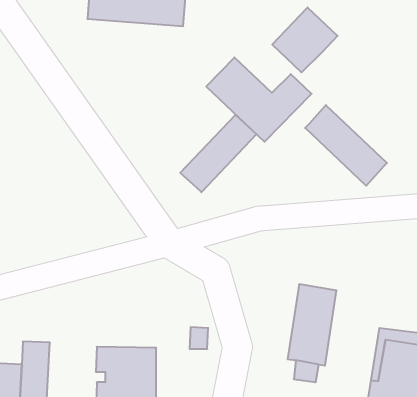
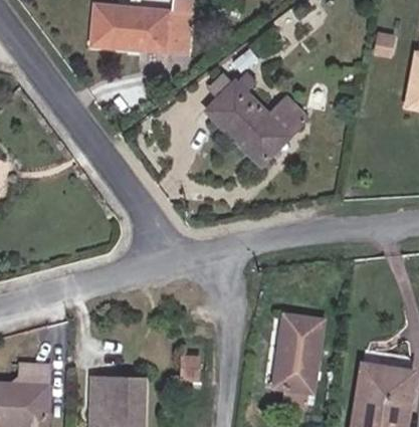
building: [272,7,338,72] -> none
building: [305,105,387,186] -> none
building: [180,115,257,192] -> none

